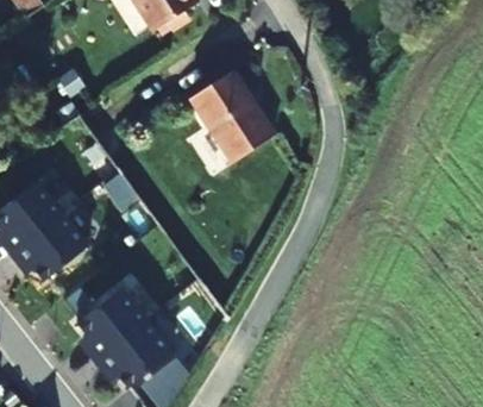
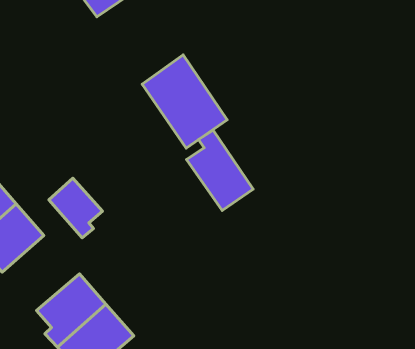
building: none -> [186,130,253,211]
building: none -> [49,178,103,238]

